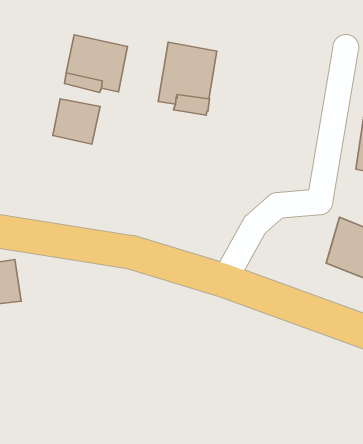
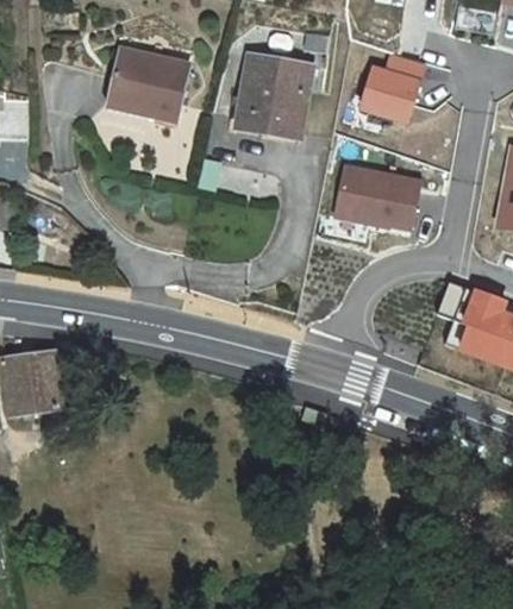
building: none -> [359,54,426,124]
building: [53,99,100,144] -> none
building: none -> [333,164,421,234]

